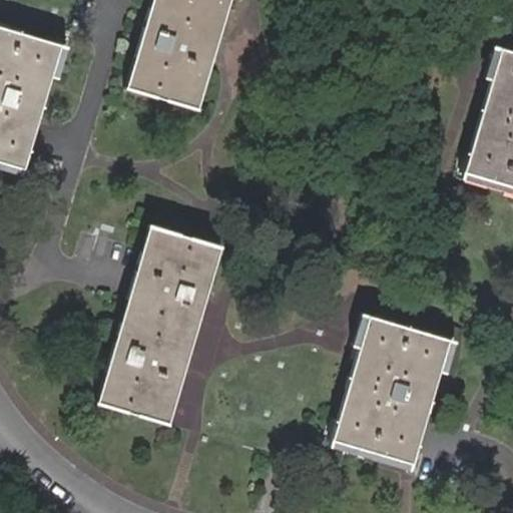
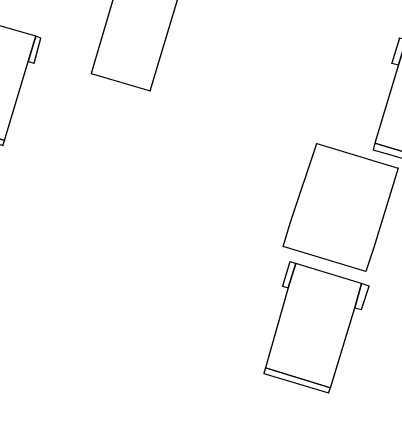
building: none -> [283,144,398,271]
building: [99,226,222,426] -> none

